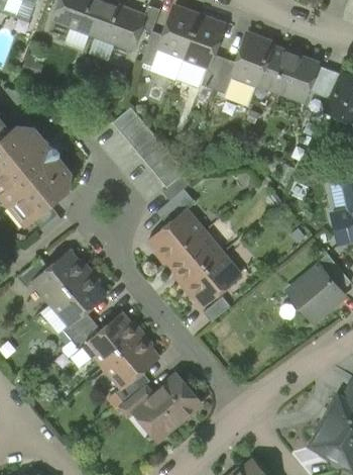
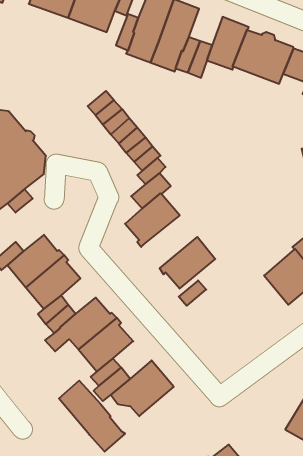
building: [168,232,222,285] -> none
building: none -> [59,381,125,452]

